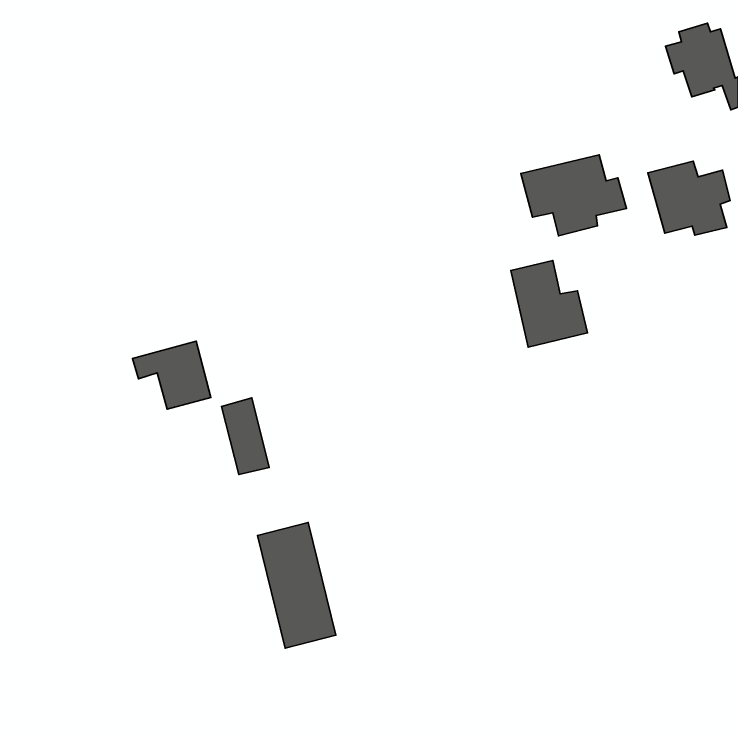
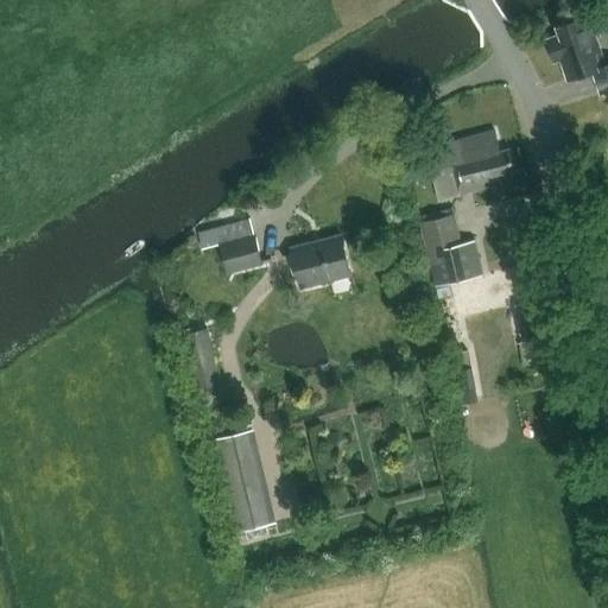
building: [648,161,730,235] -> none
building: none -> [290,235,352,289]
building: [133,341,211,409] -> [197,218,261,274]

